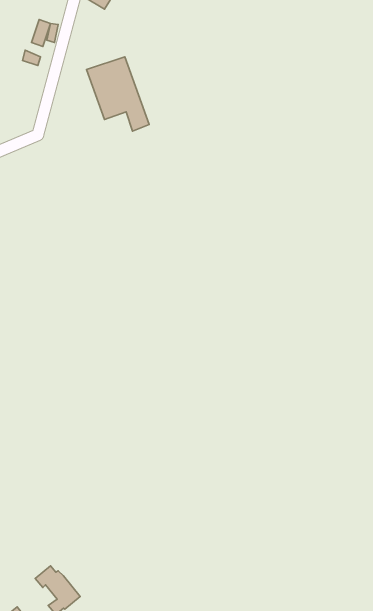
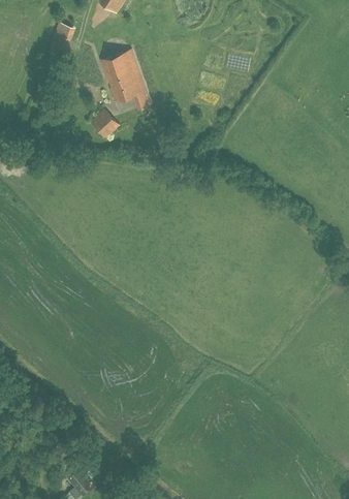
building: none -> [92,108,120,136]

